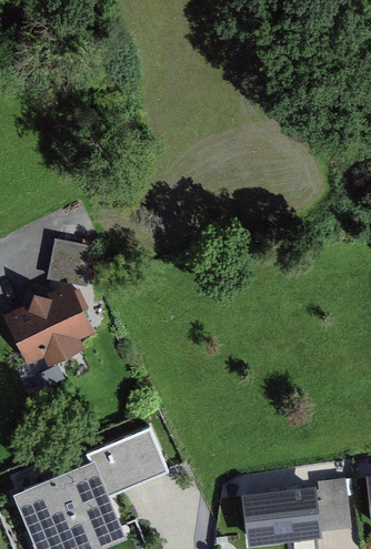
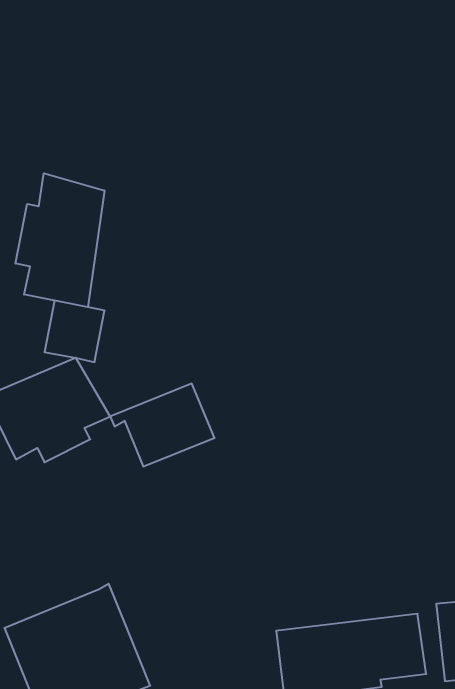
building: none -> [16,173,104,307]
building: [87,430,168,495] -> [110,384,215,466]

